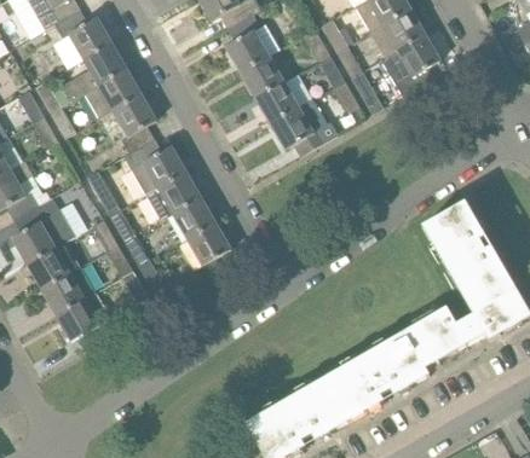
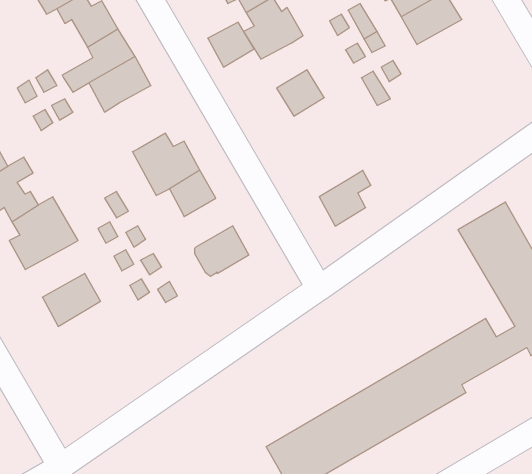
building: [379,33,438,95] -> none
building: [240,54,282,95] -> [208,22,254,67]
building: [110,93,155,151] -> none
building: [270,97,317,147] -> [319,170,371,226]
building: [169,196,214,240] -> none
building: [24,239,79,286] -> none
building: [54,290,108,338] -> none

